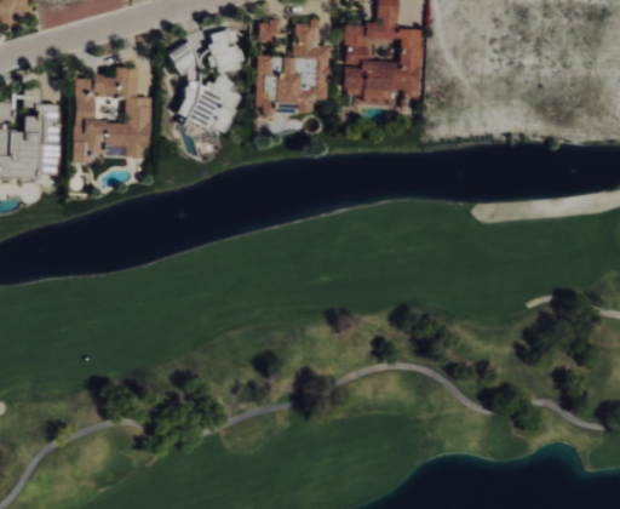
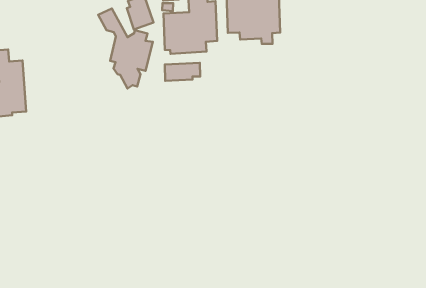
building: [73,65,150,162] -> none
building: none -> [165,63,200,81]

